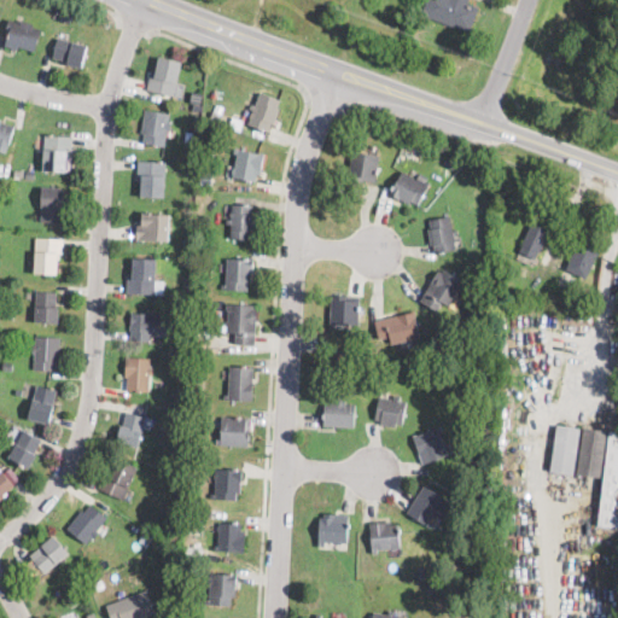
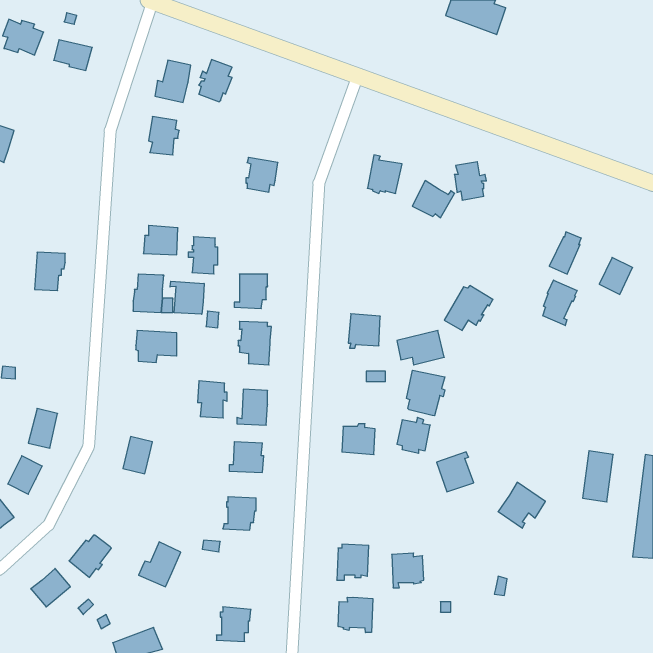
building: [247,93,279,133] -> [199,60,232,102]
building: [41,136,71,173] -> none
building: [136,162,164,198] -> none
building: [40,188,62,223] -> none
building: [226,205,253,240] -> [188,237,218,274]
building: [427,217,457,253] -> [454,162,486,200]
building: none -> [543,280,577,326]
building: none -> [170,281,204,314]
building: [34,293,56,323] -> none
building: [31,337,58,372] -> none
building: none -> [407,370,445,416]
building: [123,357,151,392] -> [198,381,227,418]
building: [576,428,607,478] -> none
building: [97,459,136,501] -> [139,542,181,587]
building: [406,485,450,529] -> [498,482,545,528]
building: [214,524,244,554] -> none
building: none -> [338,597,373,633]

